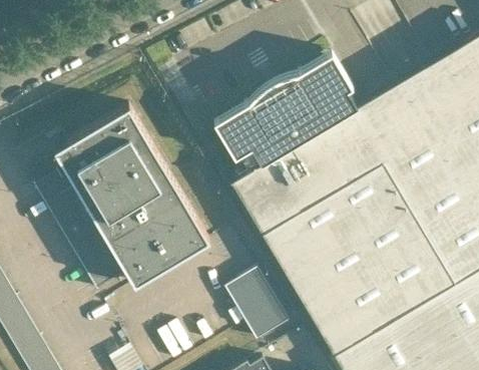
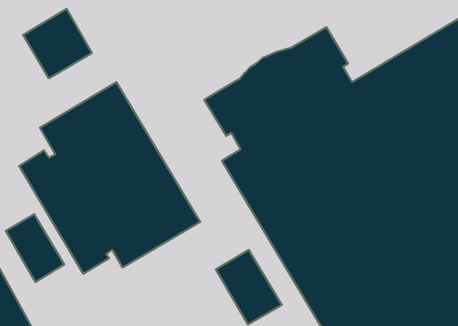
building: none -> [23,9,92,78]
building: none -> [6,214,64,282]

